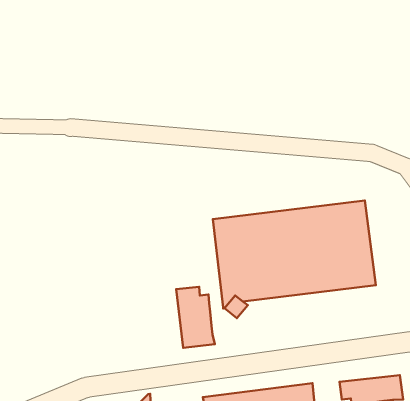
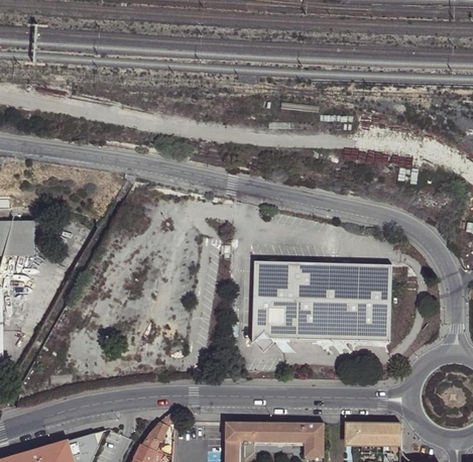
building: [176,287,215,348] -> none

